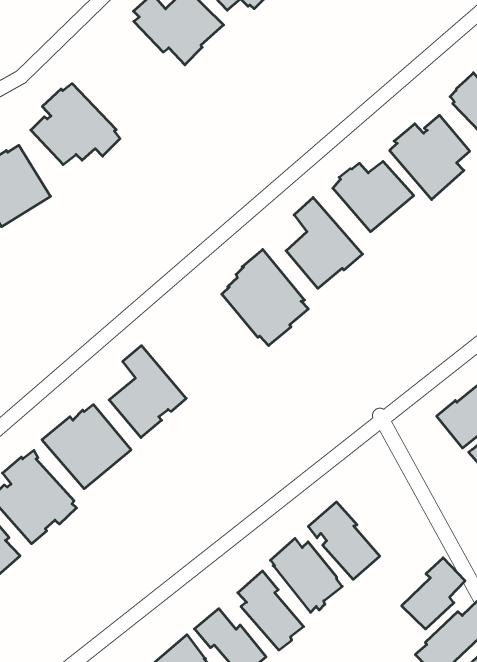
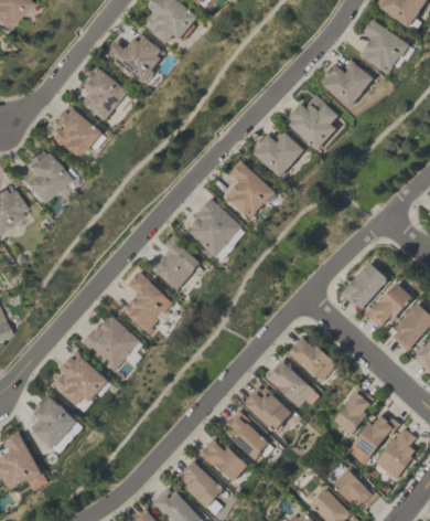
building: none -> [83,67,133,120]
building: none -> [154,233,202,290]
building: none -> [288,336,338,381]

